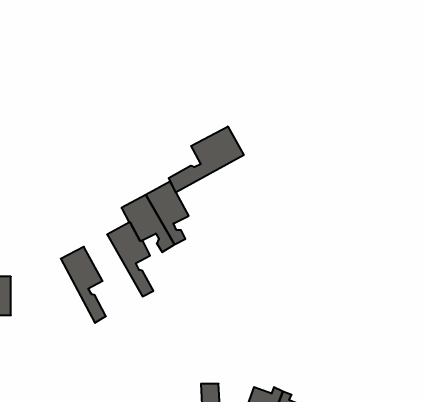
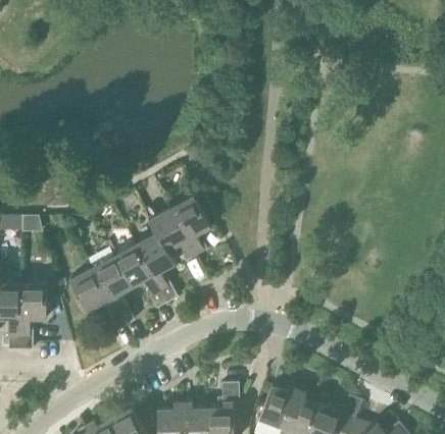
building: [169,126,244,192] -> none
building: none -> [113,246,167,310]
building: none -> [69,268,123,332]

